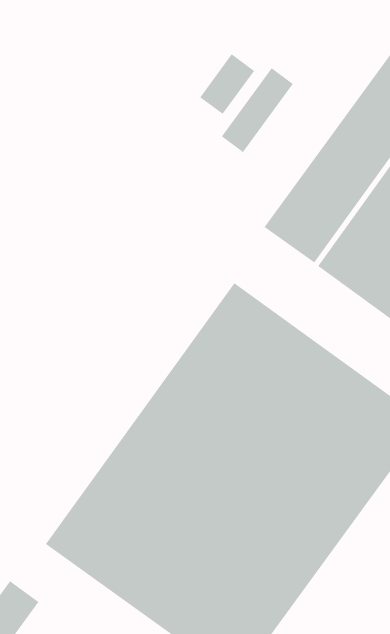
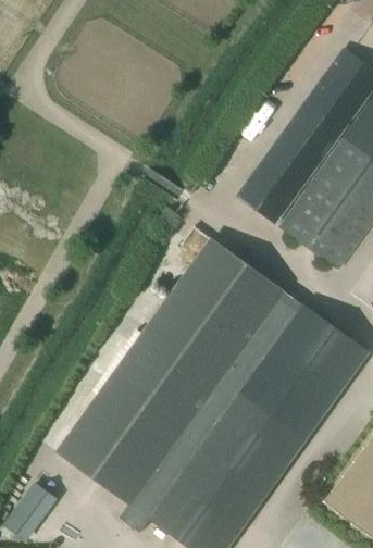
building: [199,53,255,115] -> none
building: [221,67,294,153] -> none

